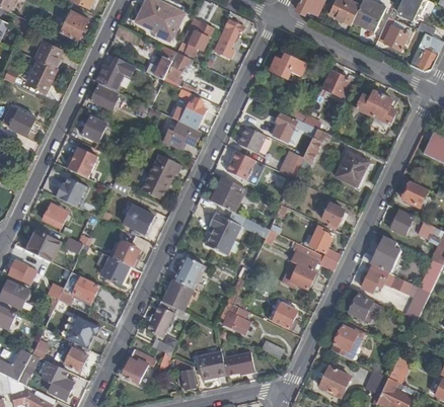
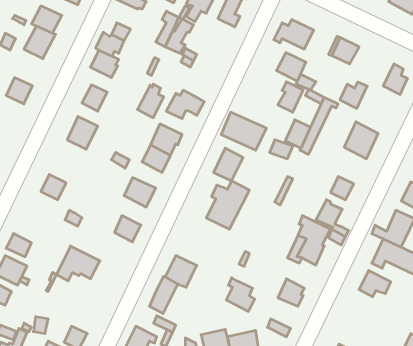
building: [356,92,382,117] -> [340,82,367,108]
building: [179,97,205,130] -> [137,84,164,118]
building: [235,127,264,154] -> [276,53,306,81]
building: [56,177,85,207] -> none
building: [25,230,58,261] -> none
building: [170,255,195,290] -> none
building: [99,256,129,284] -> none
building: [67,317,100,348] -> none
building: [330,326,368,361] -> none

